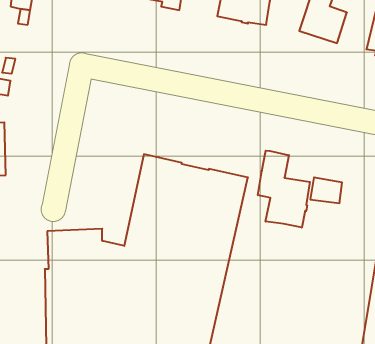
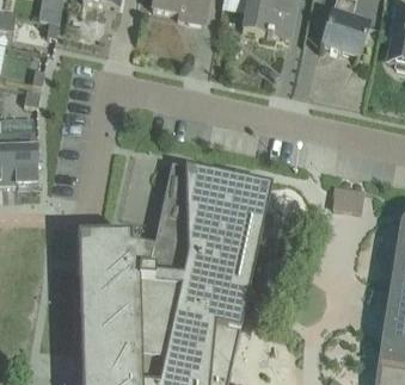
building: [258,151,310,228] -> none

